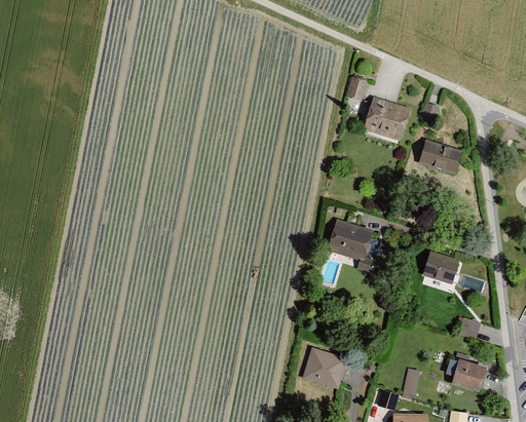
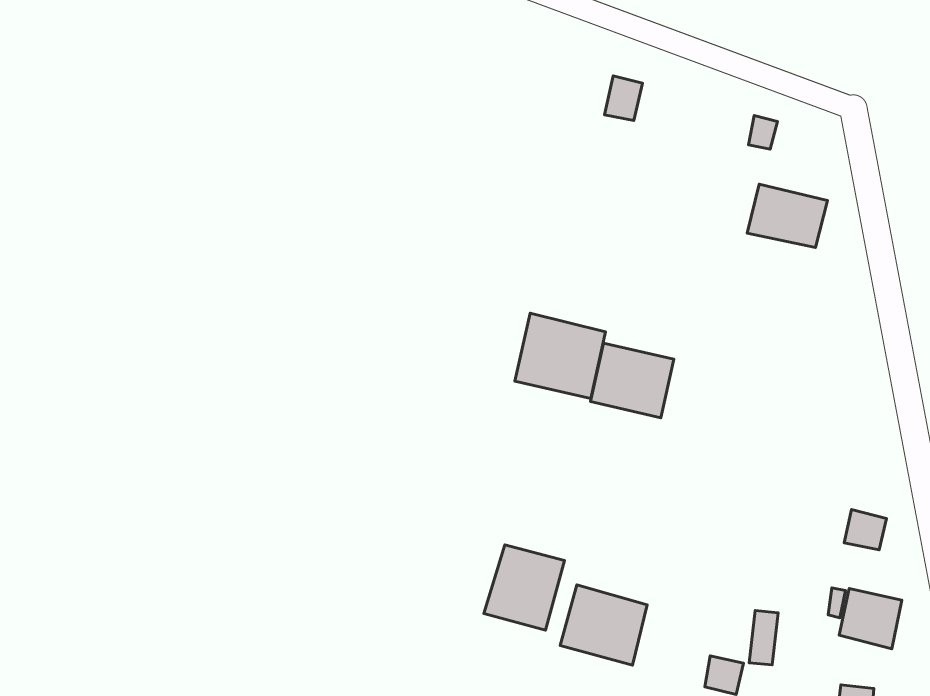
building: [364,97,411,142] -> none
building: none -> [515,313,605,398]
building: [423,250,461,284] -> none
building: none -> [484,545,565,630]

